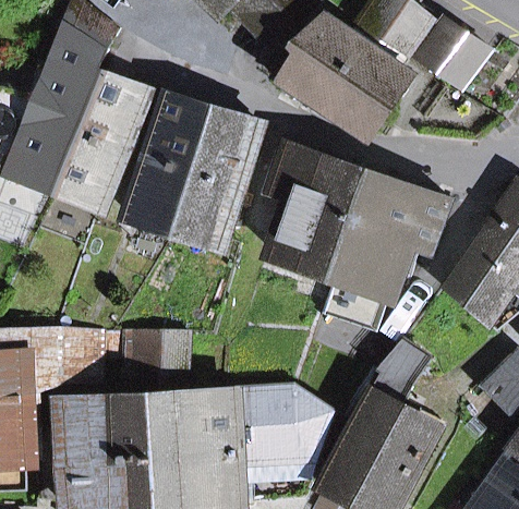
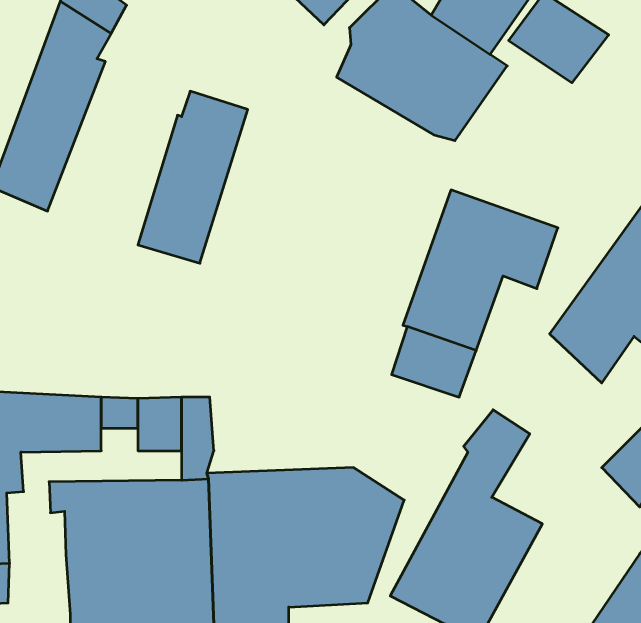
building: [56,72,146,204] -> none
building: [173,109,258,243] -> none
building: [266,143,367,276] -> none

